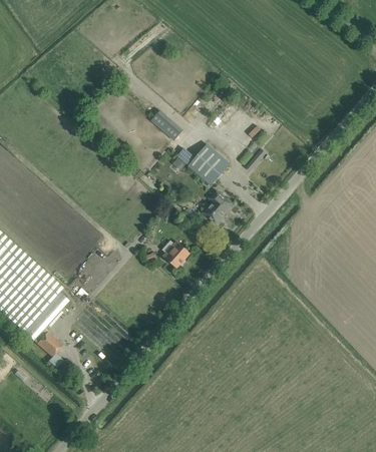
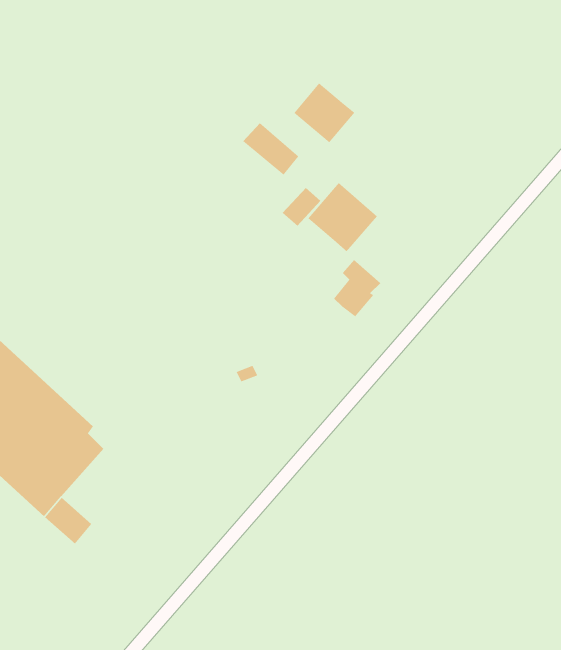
building: none -> [293,83,355,143]
building: [161,240,190,269] -> none

